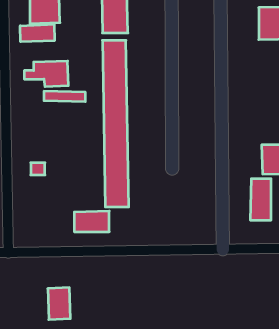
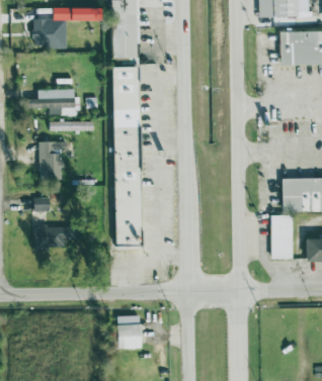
building: [20,24,54,42] -> none
building: none -> [39,141,68,180]
building: [74,211,109,232] -> [35,226,73,249]
building: [48,288,70,320] -> [117,315,142,350]

